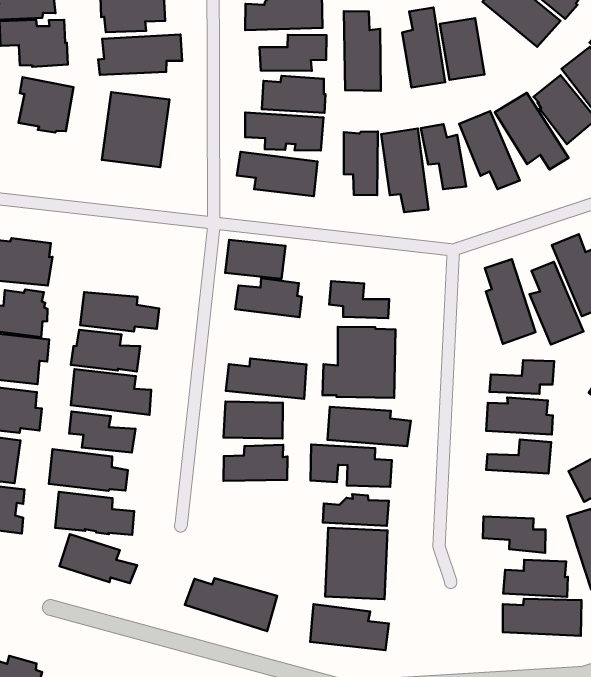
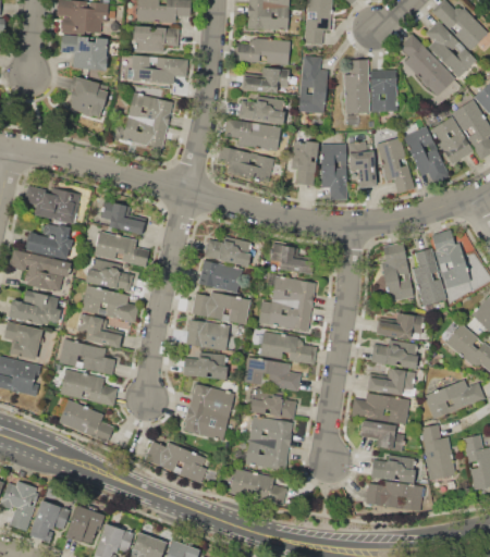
building: [225,240,286,279] -> [198,261,243,293]
building: none -> [100,201,148,236]
building: none -> [351,394,408,425]
building: none -> [183,383,234,441]

